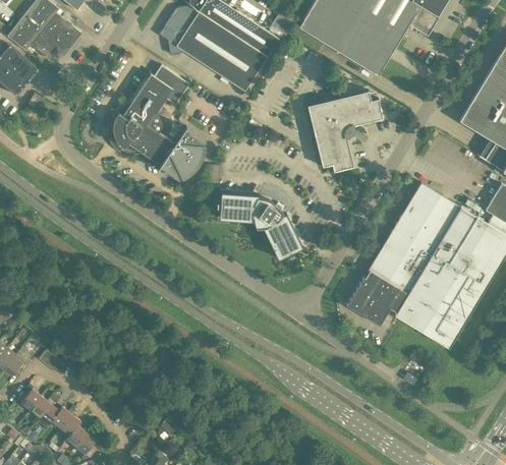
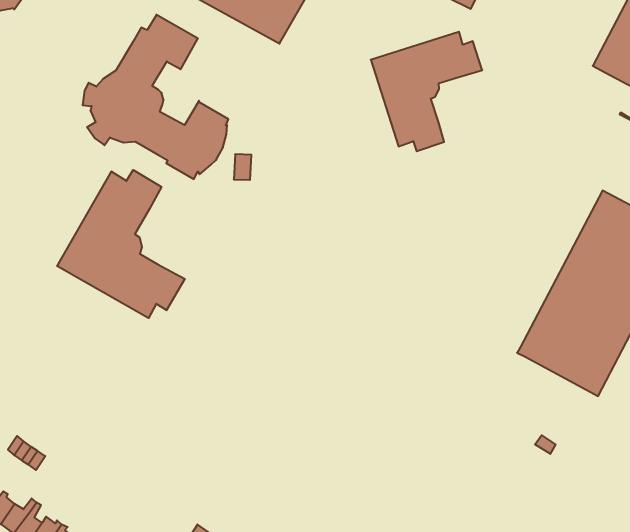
building: none -> [57,170,185,318]
building: [345,182,460,326] -> none
building: [217,191,302,258] -> none

